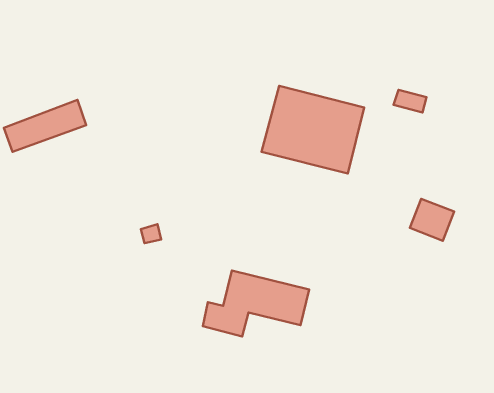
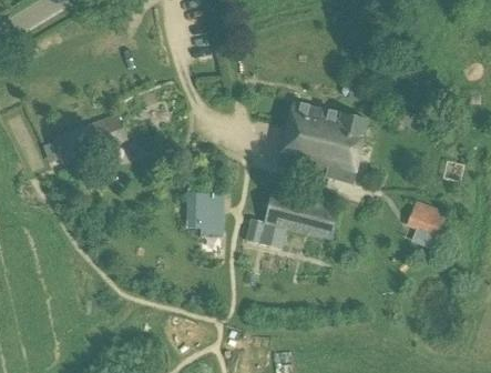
building: none -> [194,192,222,228]
building: [203,270,309,336] -> [246,192,339,250]

